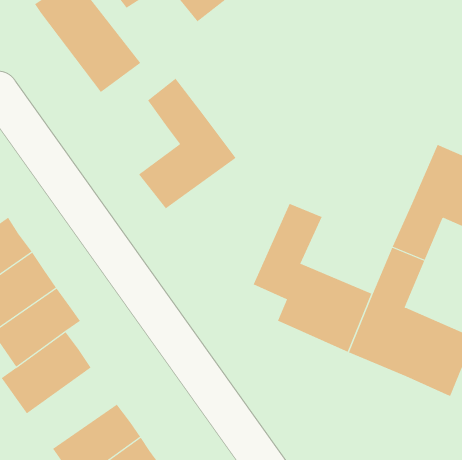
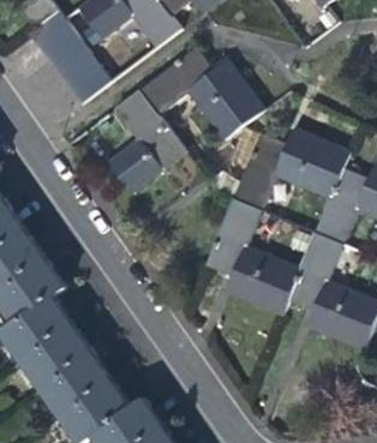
building: none -> [142,52,267,143]
building: none -> [232,124,349,205]
building: none -> [23,325,95,390]

